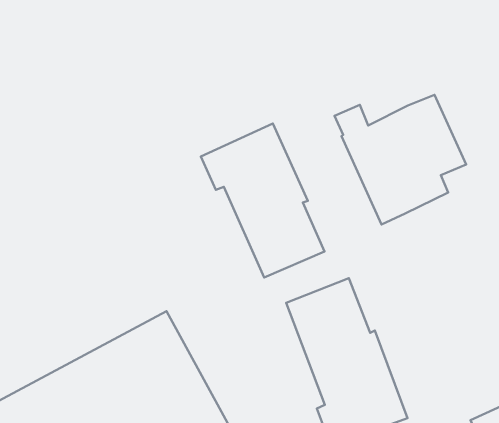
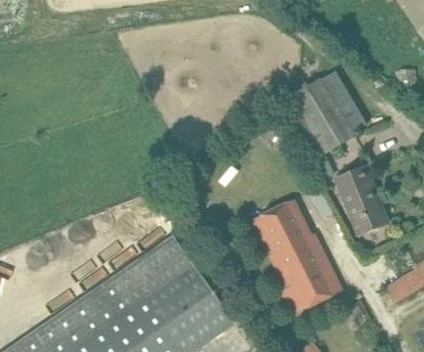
building: [201,123,324,278] -> none
building: none -> [336,166,388,234]

